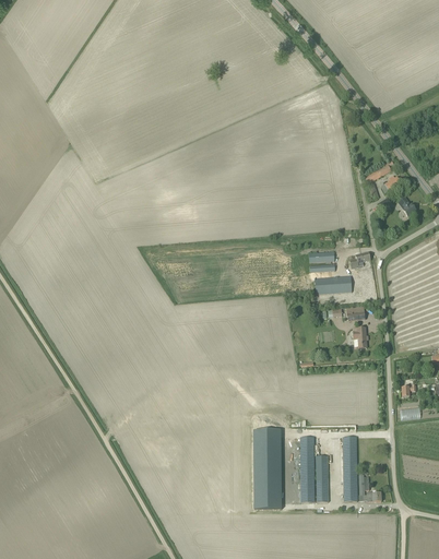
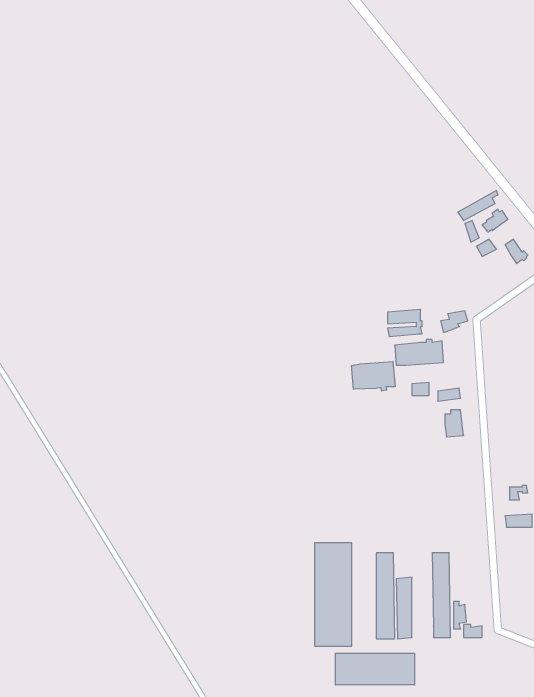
building: none -> [351,361,395,391]
building: none -> [336,653,415,685]

